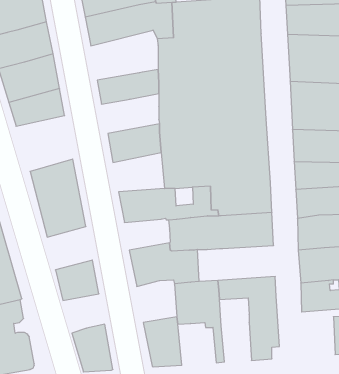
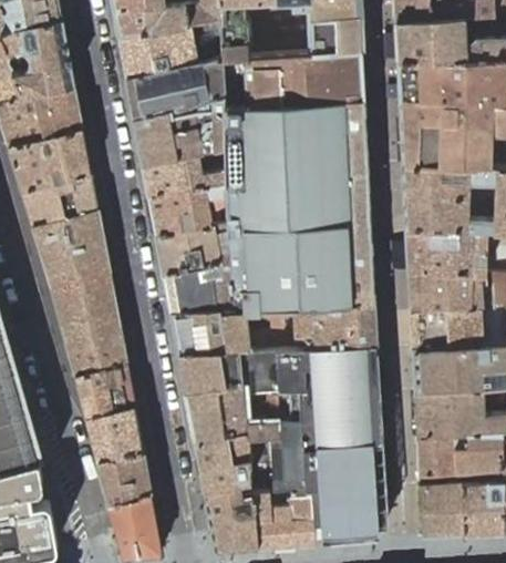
building: none -> [133,96,224,164]
building: none -> [147,182,226,236]
building: none -> [32,212,109,287]
building: none -> [163,262,233,315]
building: none -> [178,350,240,393]
building: none -> [74,361,135,420]
building: none -> [277,387,382,436]
building: none -> [195,433,249,491]
building: none -> [95,452,152,505]
building: none -> [307,458,350,544]
building: none -> [419,483,463,538]
building: none -> [250,491,302,549]

